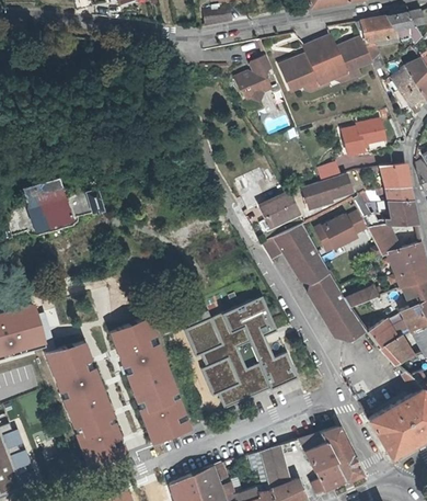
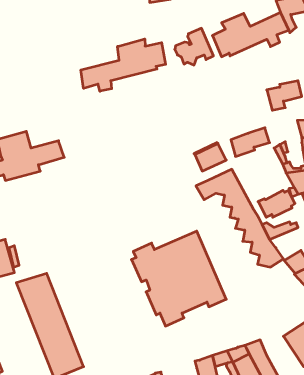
building: none -> [81,39,166,91]
building: [318,214,361,246] -> [258,190,295,217]
building: [109,319,191,446] -> none

